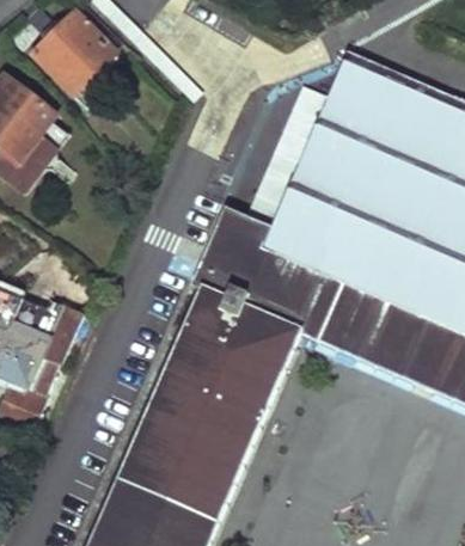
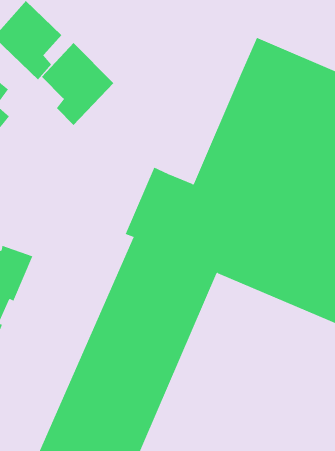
building: none -> [41,42,114,126]
building: [245,82,330,226] -> none

